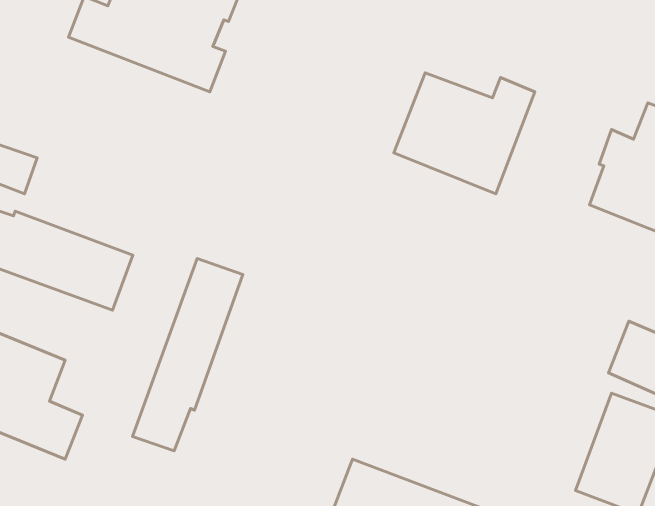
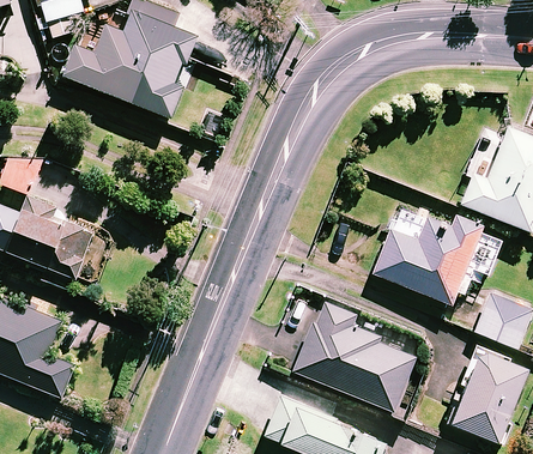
building: [394,73,535,194] -> [374,212,481,304]
building: [132,258,243,451] -> none
building: none -> [293,303,416,412]

